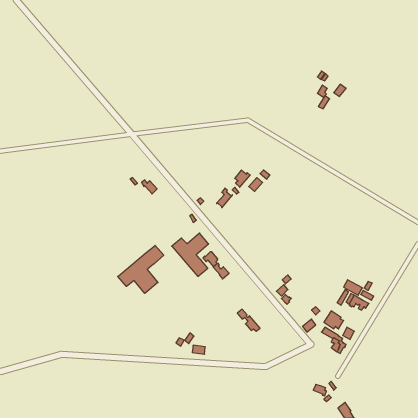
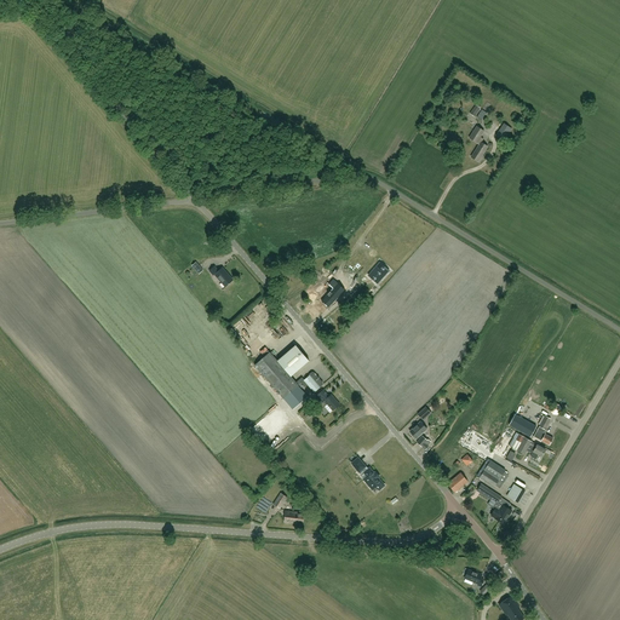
building: [118,245,164,293] -> none

